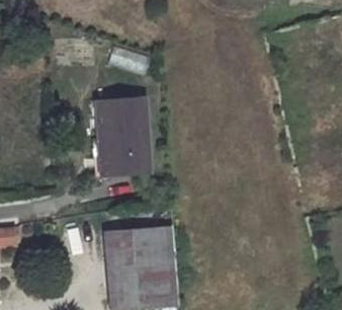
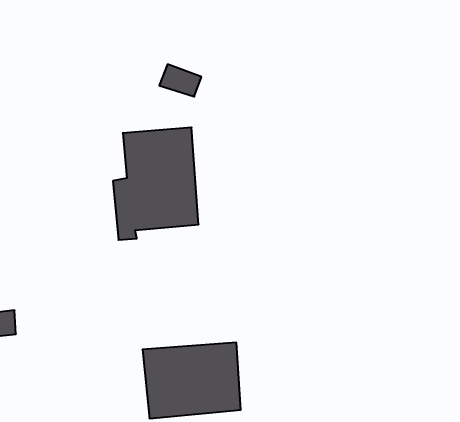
building: [106,225,176,255] -> none

